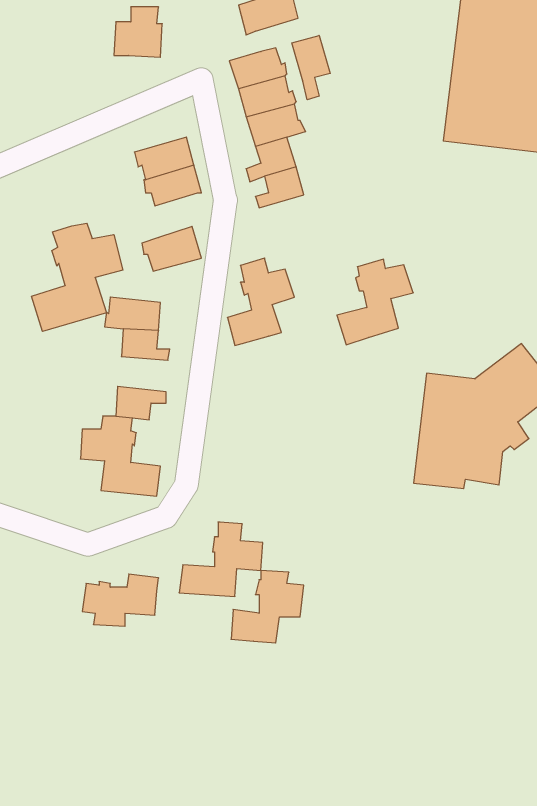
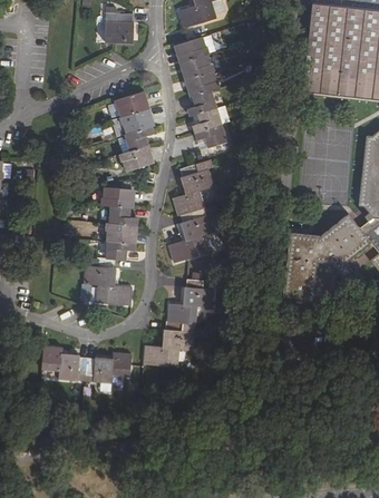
building: [292,35,330,100] -> none
building: none -> [126,124,155,150]
building: none -> [191,125,223,149]
building: [31,223,123,331] -> none
building: [337,259,413,345] -> [168,209,214,261]
building: none -> [104,222,136,243]
building: none -> [41,346,87,381]
building: [231,570,304,643] -> [167,280,211,323]

